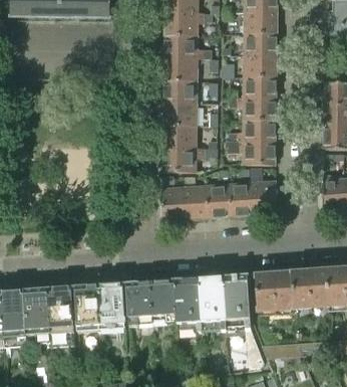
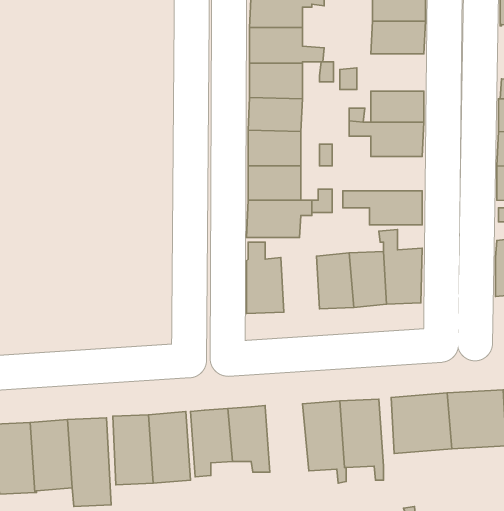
building: [243,52,277,76] -> none
building: [229,119,276,141] -> none
building: [184,174,210,219] -> none
building: [175,278,203,332] -> none

